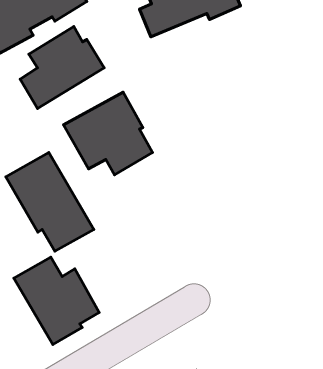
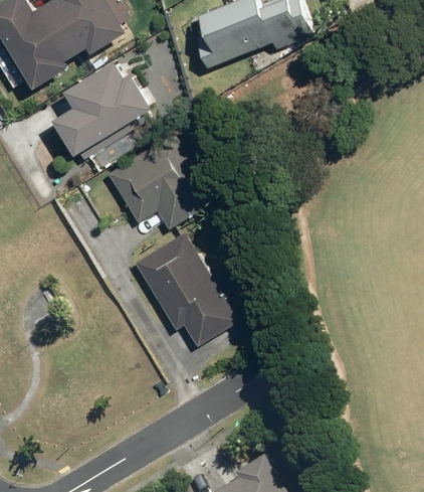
building: [6,153,94,251] -> [134,235,236,350]
building: [14,257,99,345] -> none

